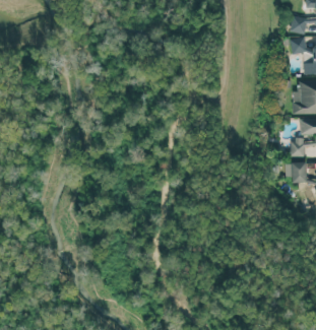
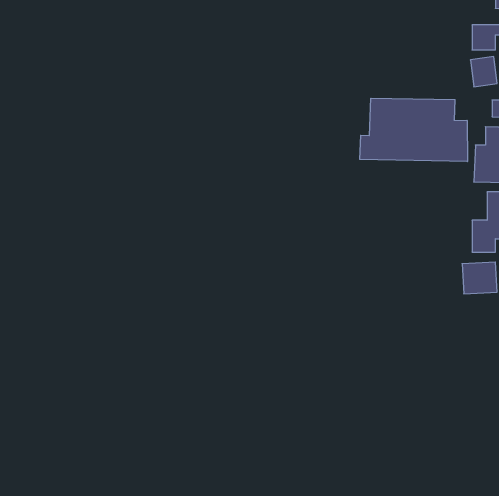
building: none -> [360,98,467,162]

